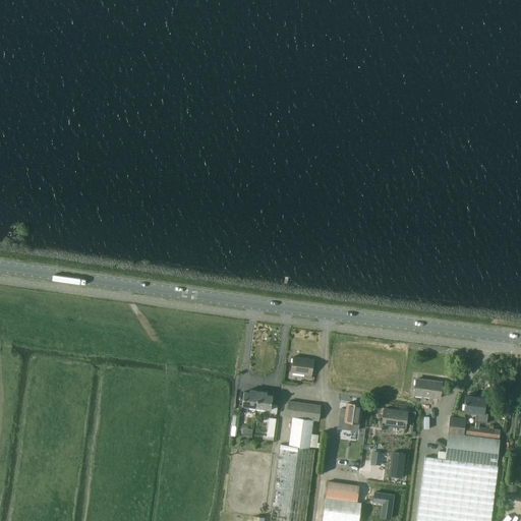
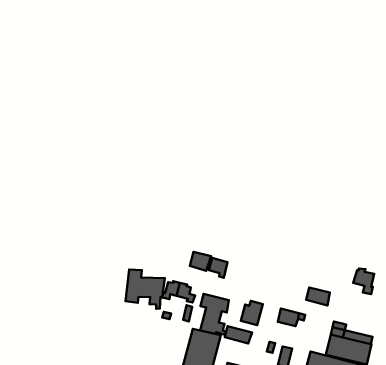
building: none -> [190,252,211,271]
building: none -> [126,270,165,309]
building: [462,394,486,423] -> [353,269,374,294]
building: none -> [225,326,252,344]

